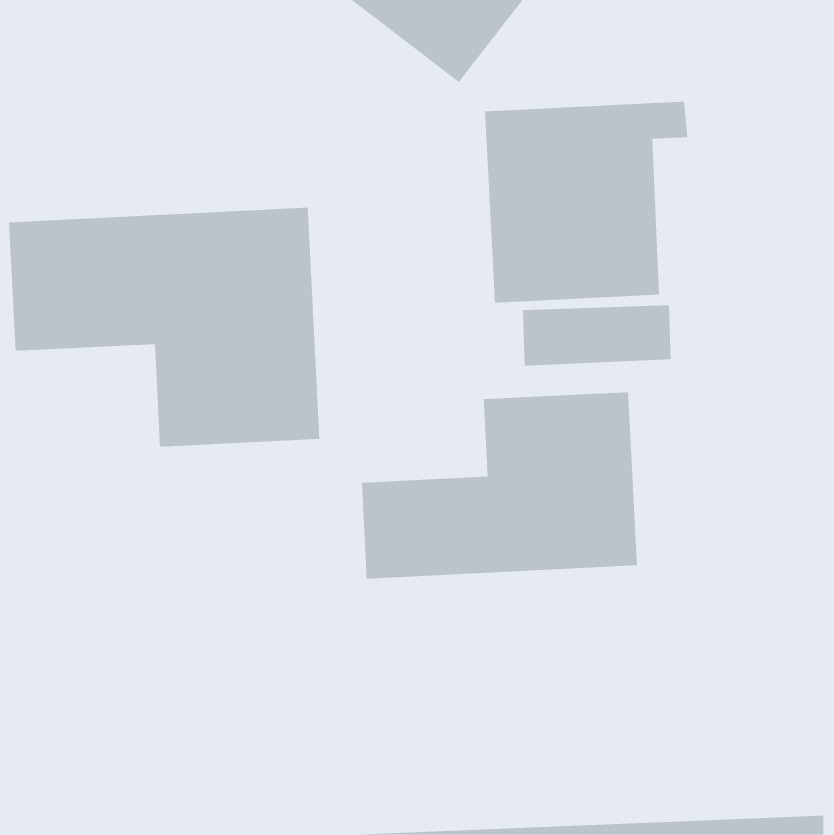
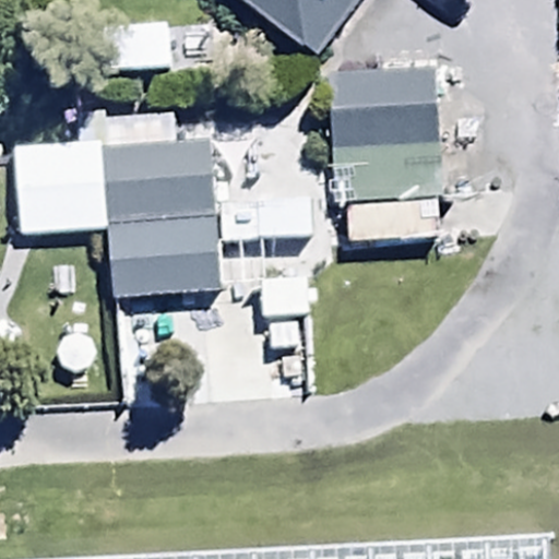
building: [361,391,637,579] -> none

